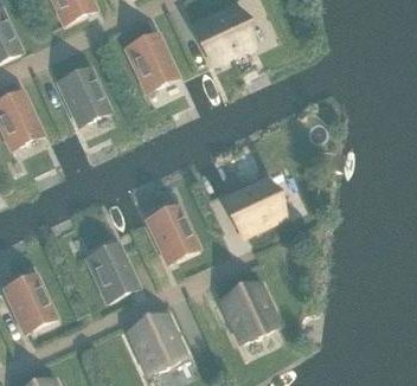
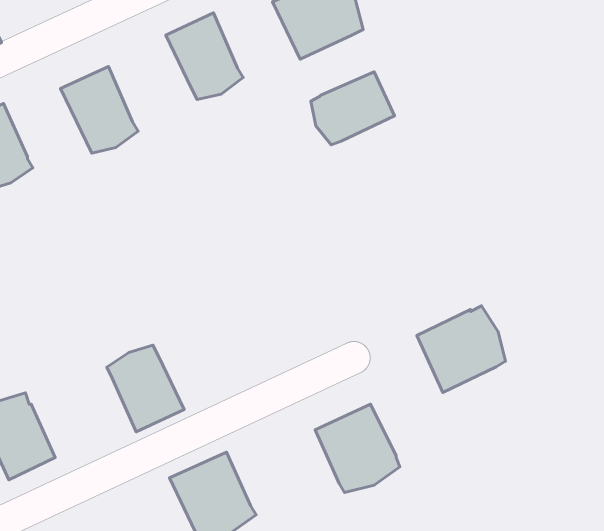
building: none -> [311,72,394,145]
building: [225,179,282,234] -> [417,306,505,393]
building: [148,207,198,262] -> none

